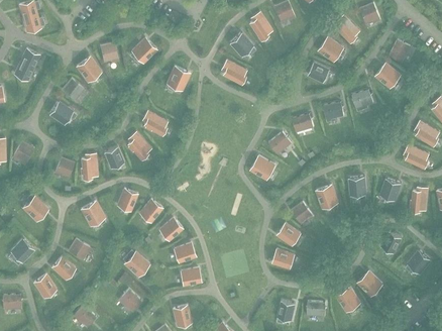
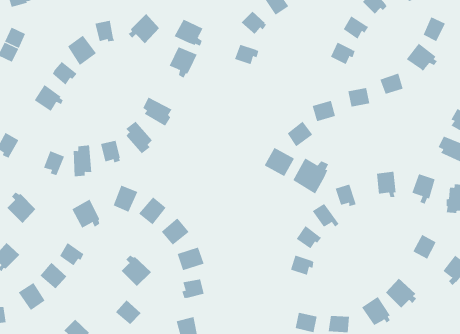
building: none -> [174,19,203,47]
building: none -> [293,158,329,194]

